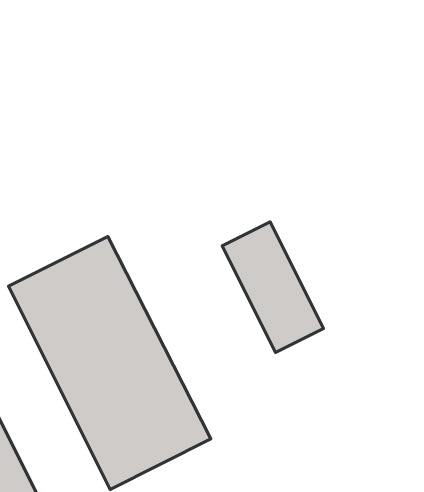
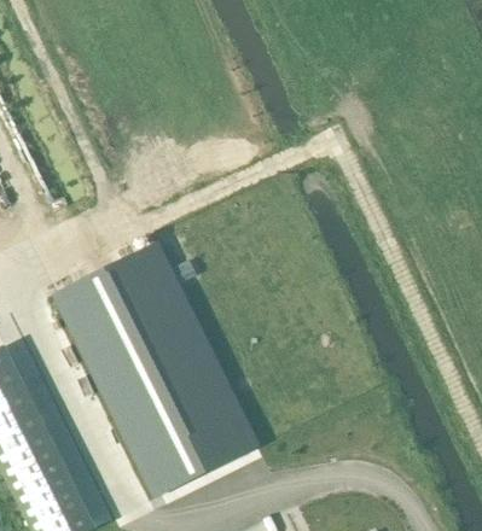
building: [222,222,324,352] -> none

